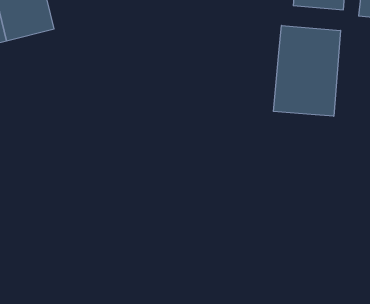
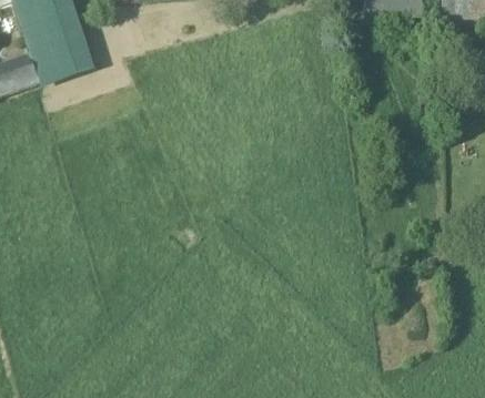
building: [273,25,341,116] -> none

